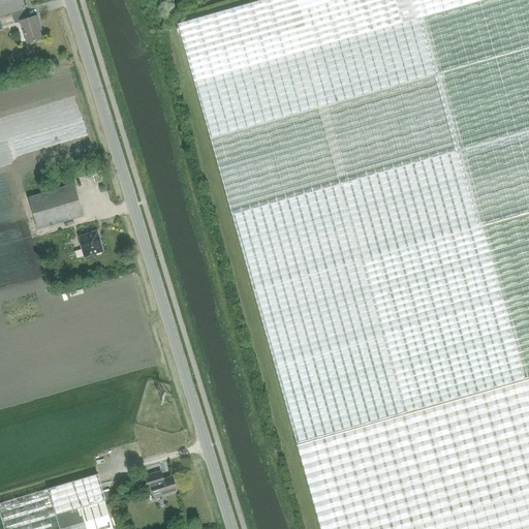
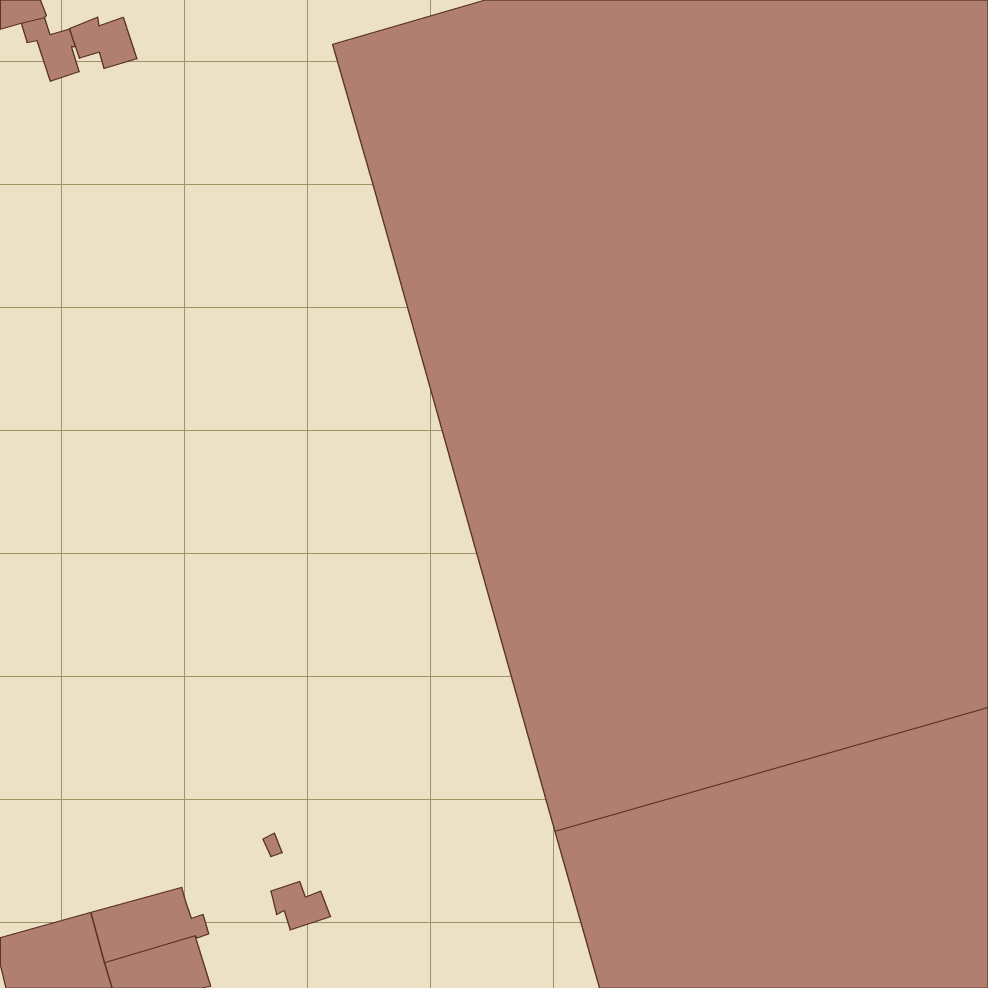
building: none -> [69,17,137,69]
building: [28,184,83,229] -> none
building: [79,231,102,256] -> none

